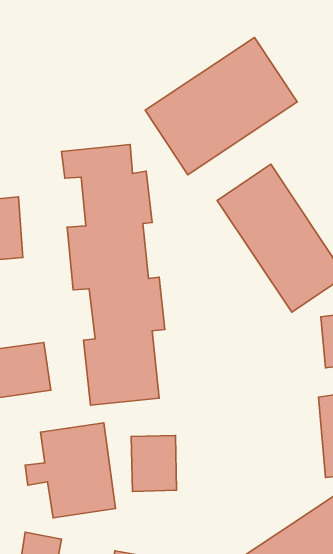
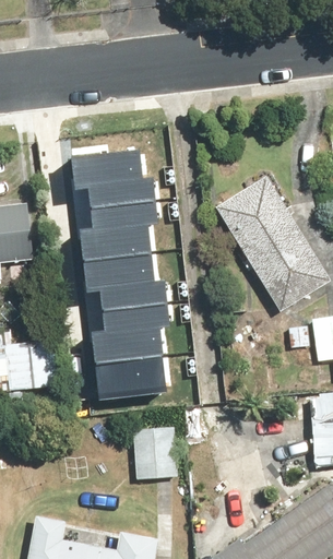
building: [145,37,297,175] -> none
building: [25,423,115,518] -> none

